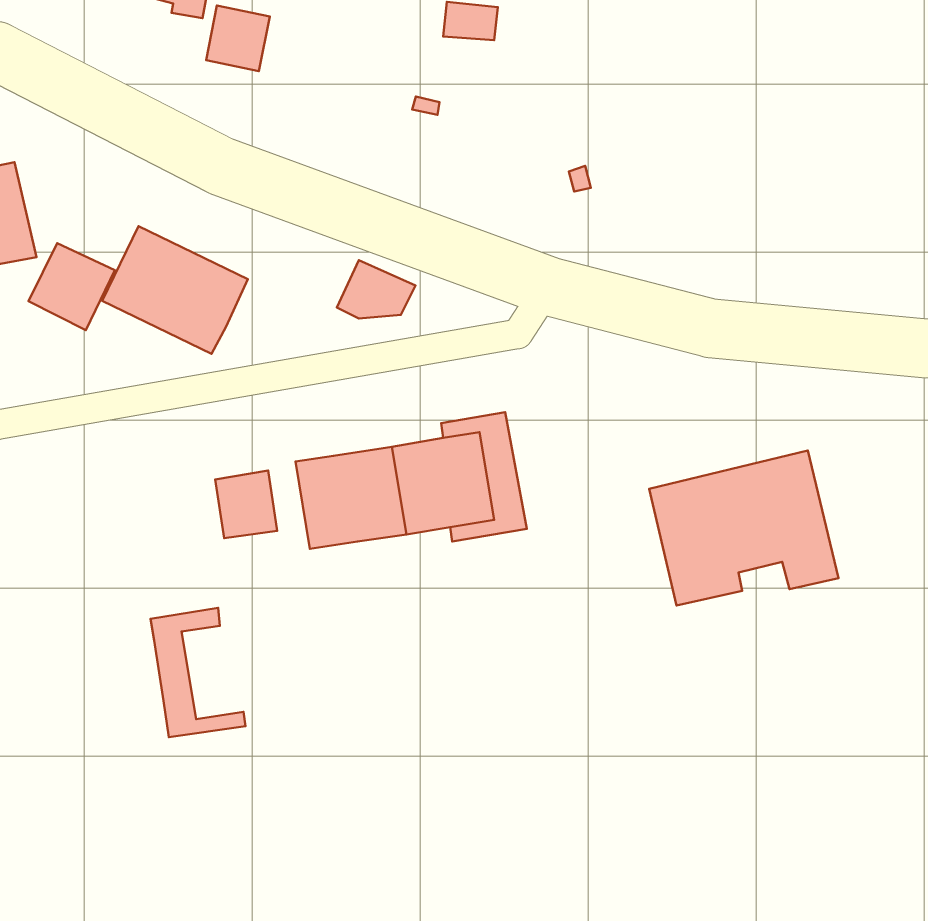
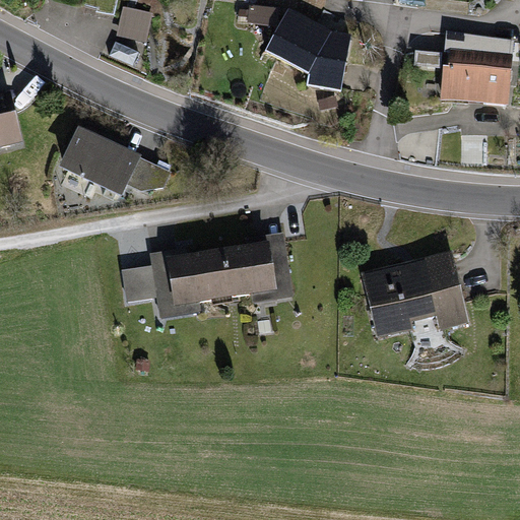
building: none -> [265,7,349,89]
building: none -> [440,48,512,105]
building: [29,243,115,330] -> none
building: [337,260,415,318] -> [126,155,170,188]
building: [151,608,245,737] -> [147,244,200,316]

